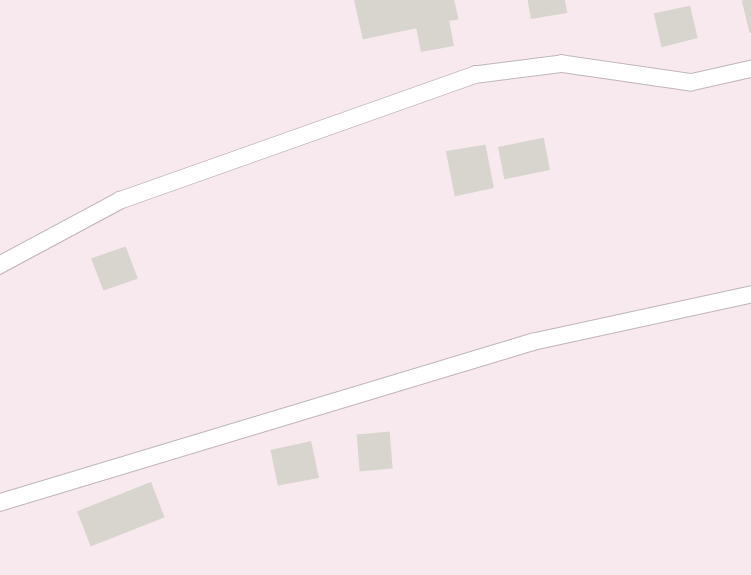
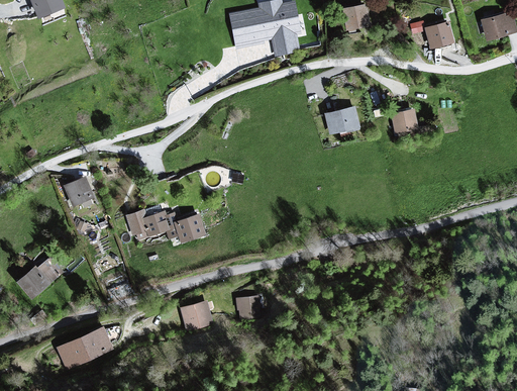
building: none -> [391,109,418,132]
building: [445,144,495,197] -> none
building: none -> [125,208,205,243]
building: none -> [17,260,61,299]

